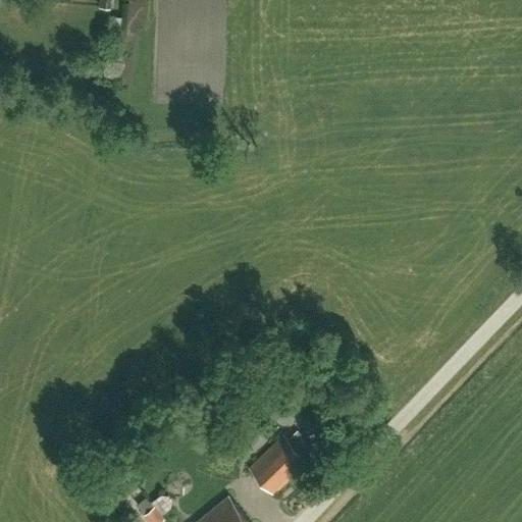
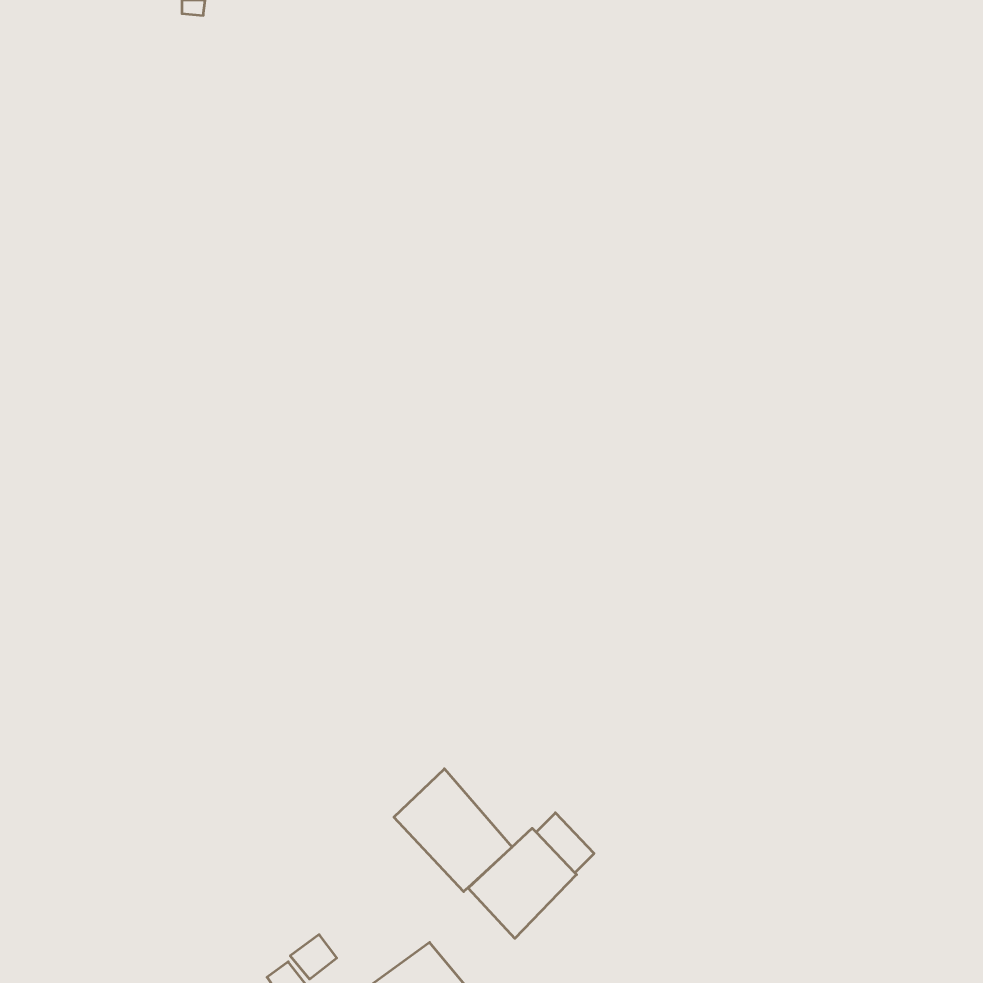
building: none -> [394,769,512,892]

